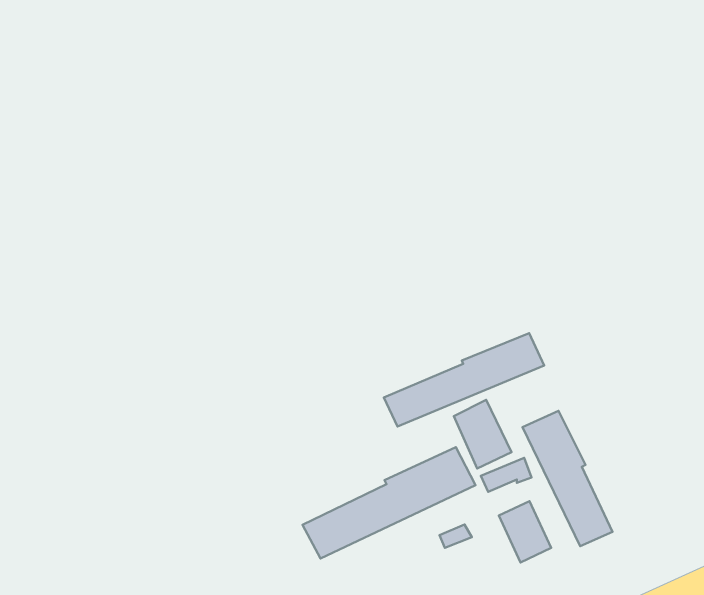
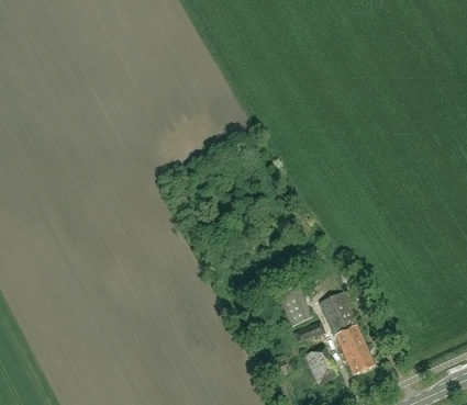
building: [384,333,544,427] -> none
building: [303,447,475,559] -> none

